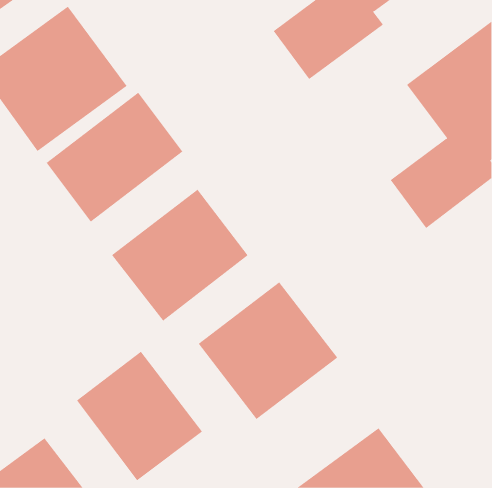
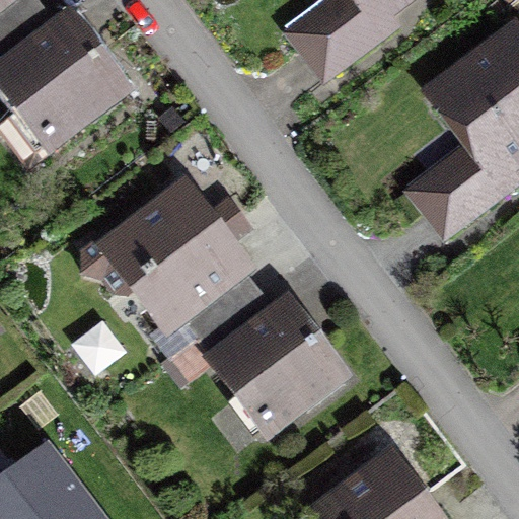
building: [46,92,183,222] -> none
building: [76,351,203,481] -> none

